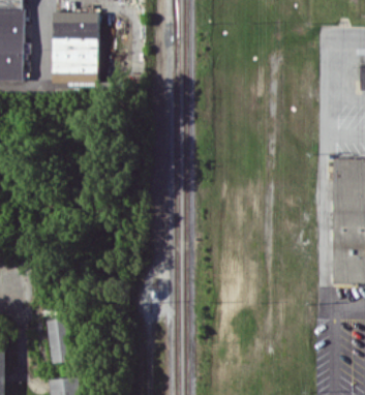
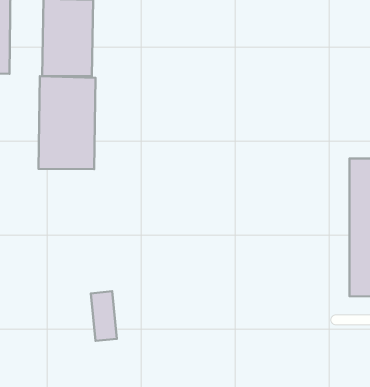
building: none -> [38,76,95,169]
building: [45,317,69,363] -> [91,291,117,341]

